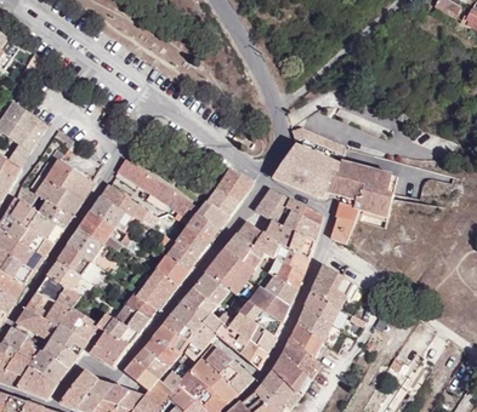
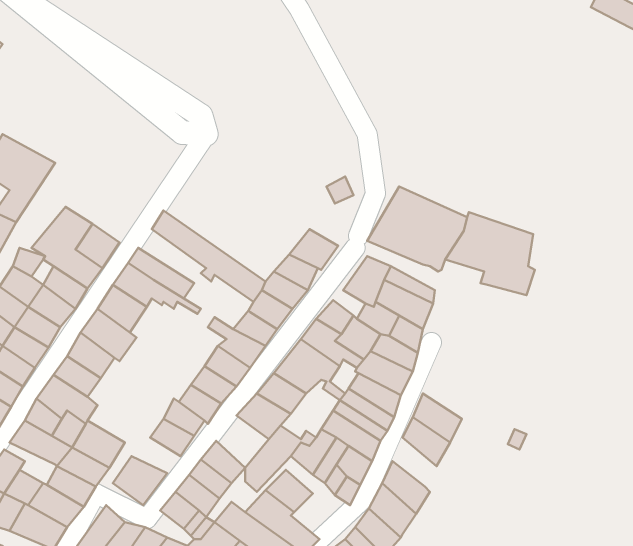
building: [333,204,359,241] -> none
building: [313,264,359,305] -> none
building: [165,303,203,341] -> none
building: [98,313,140,344] -> none
building: [291,319,323,354] -> none
building: [218,359,255,391] -> none

